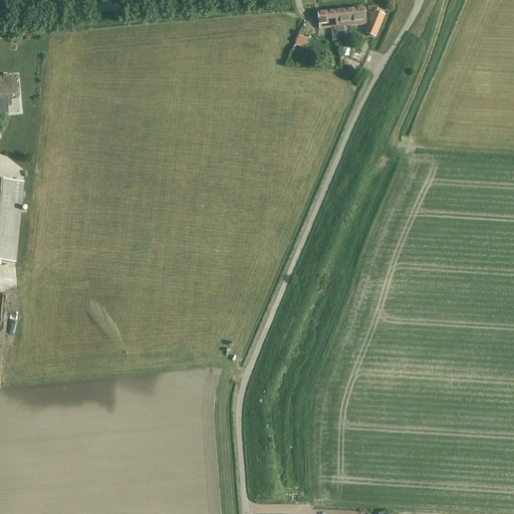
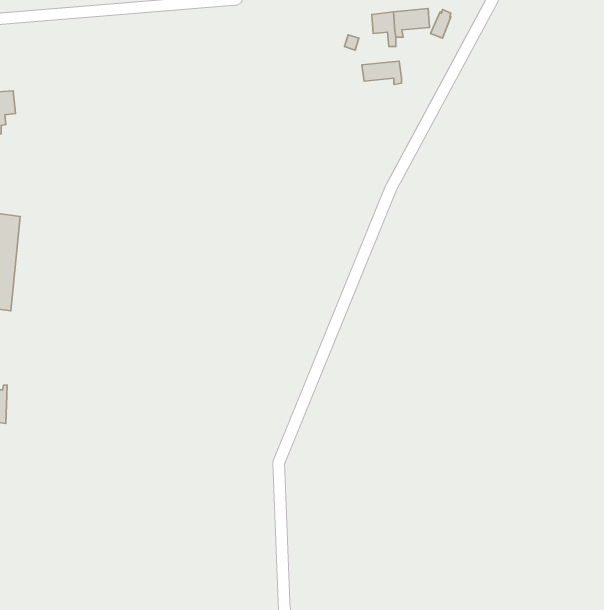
building: none -> [362,61,402,84]

